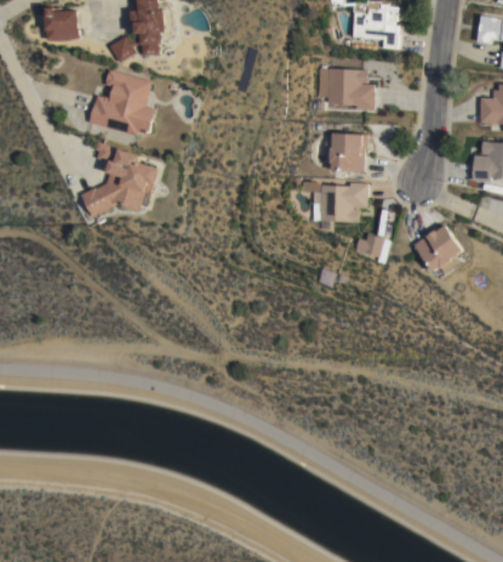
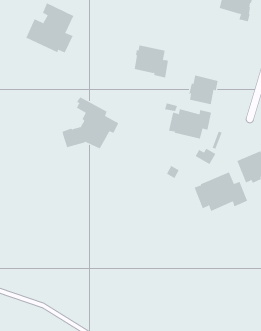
building: [326,68,375,108] -> [134,45,169,78]
building: [81,138,160,214] -> [62,96,119,149]
building: none -> [194,172,248,212]

